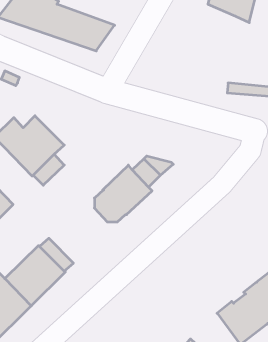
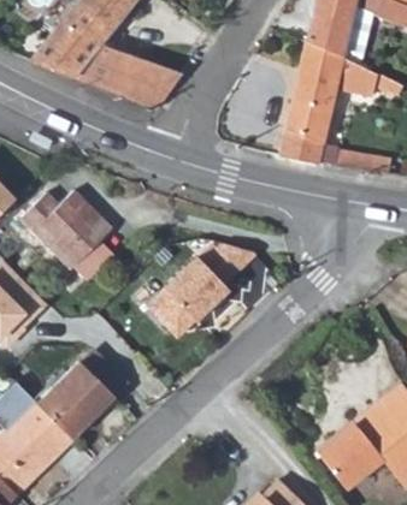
building: none -> [277,44,373,165]

